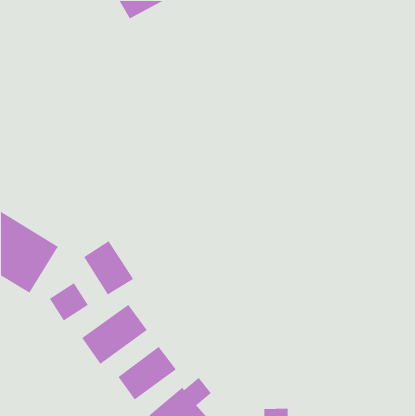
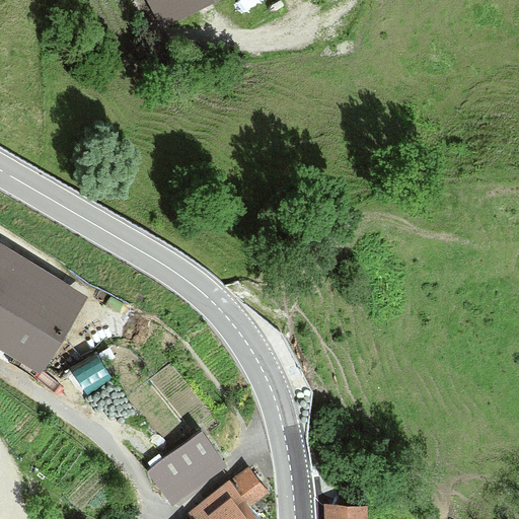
building: [83,240,134,296] -> none
building: [81,304,148,365] -> none

